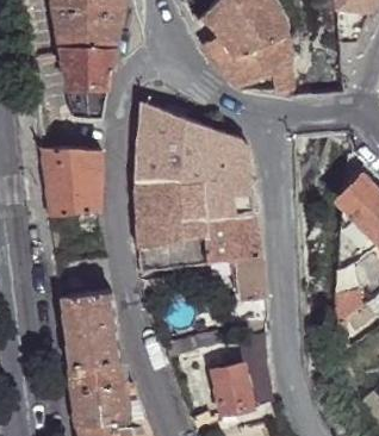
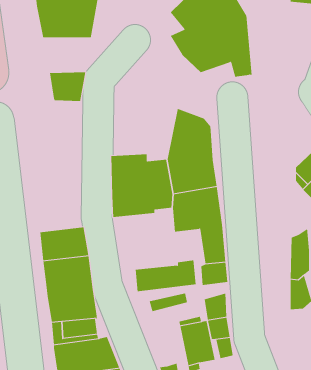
building: [58,46,113,86] -> none
building: [135,101,210,185] -> none
building: [39,147,99,216] -> none
building: [137,237,206,273] -> [135,260,196,292]

